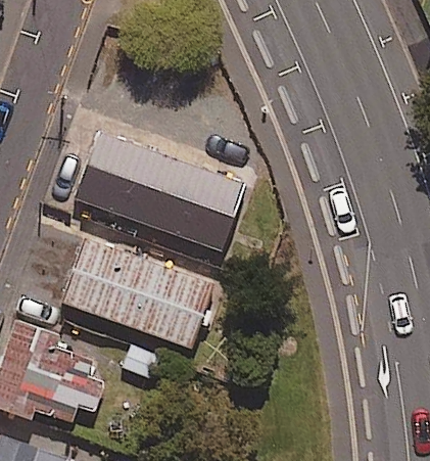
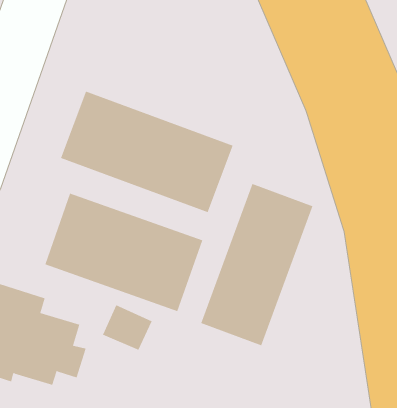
building: none -> [200,183,313,346]

